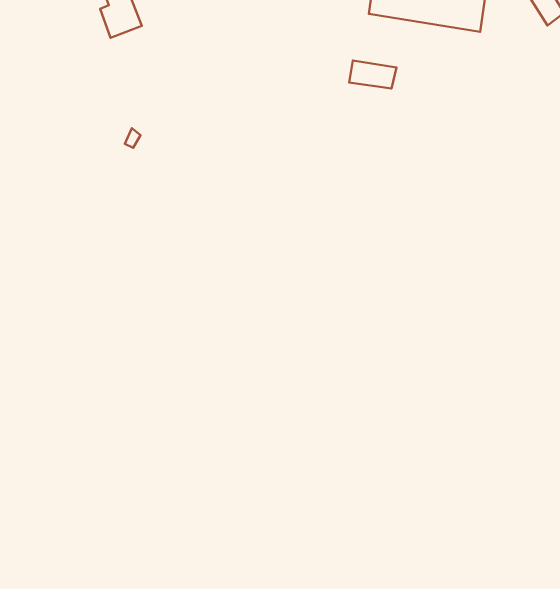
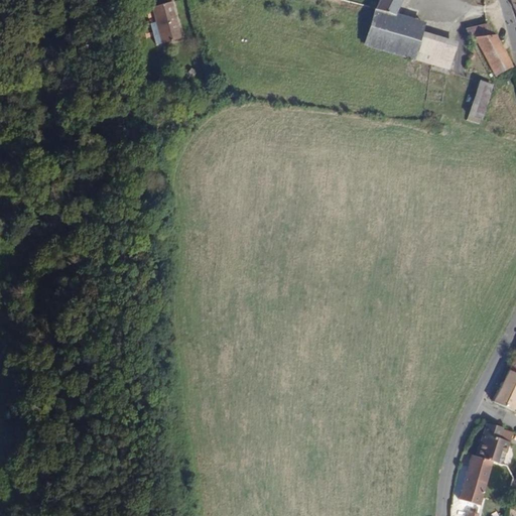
building: none -> [473,83,491,120]
building: [349,60,396,89] -> none

